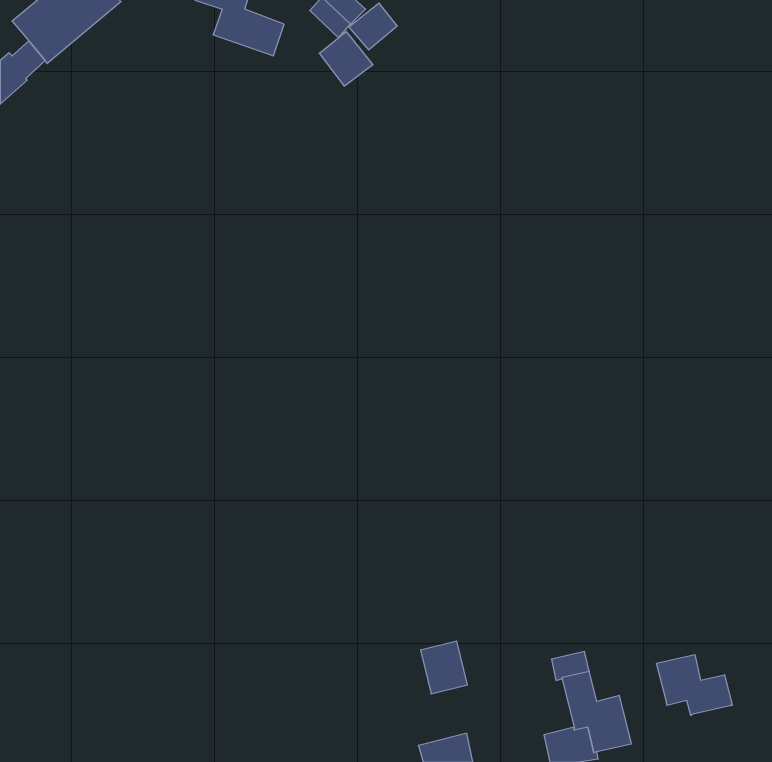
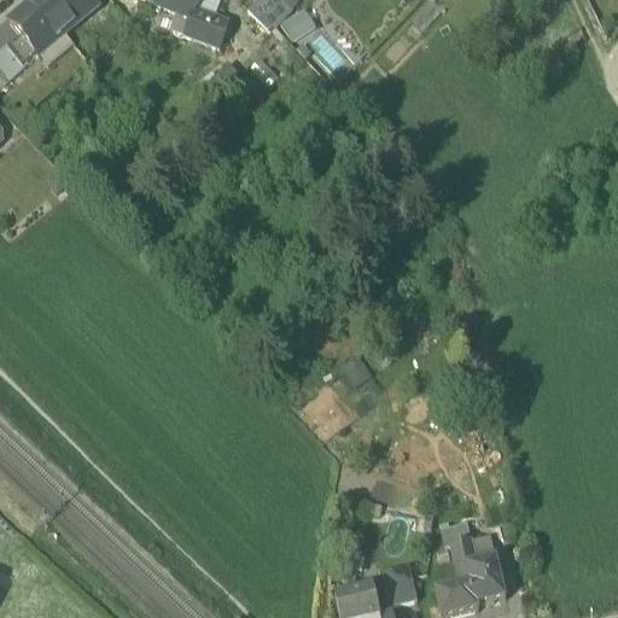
building: [319,31,373,86] -> none
building: [421,641,467,694] -> [379,561,416,604]
building: [657,655,732,716] -> none

